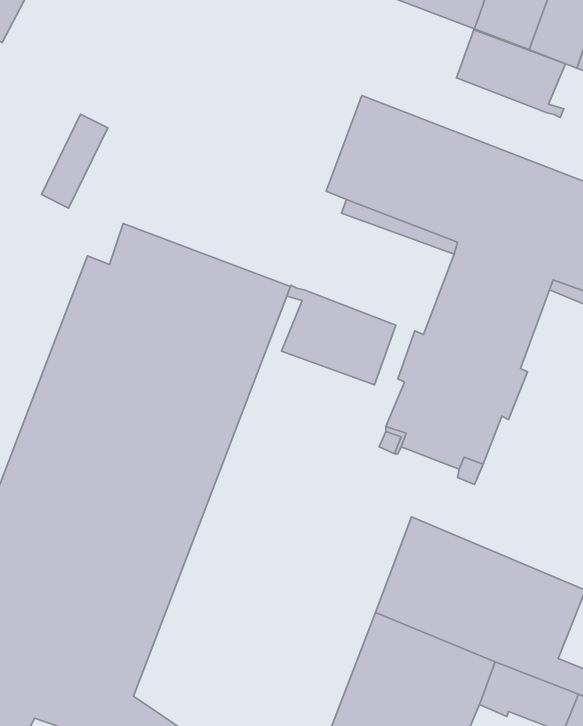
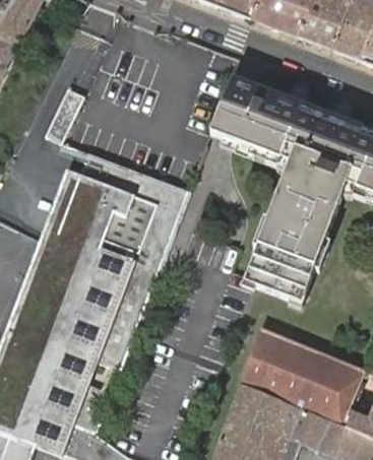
building: [456,30,566,118] -> none
building: [282,285,396,385] -> none

